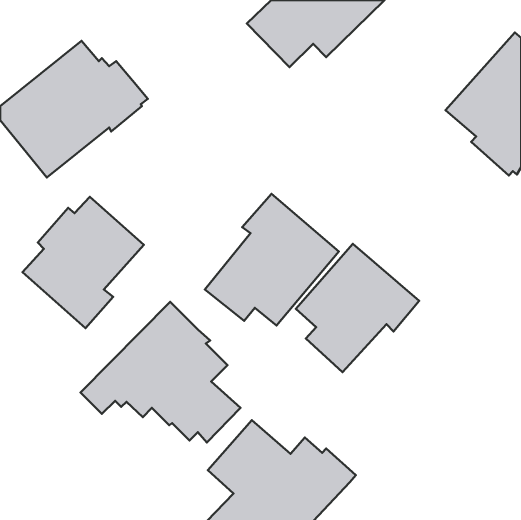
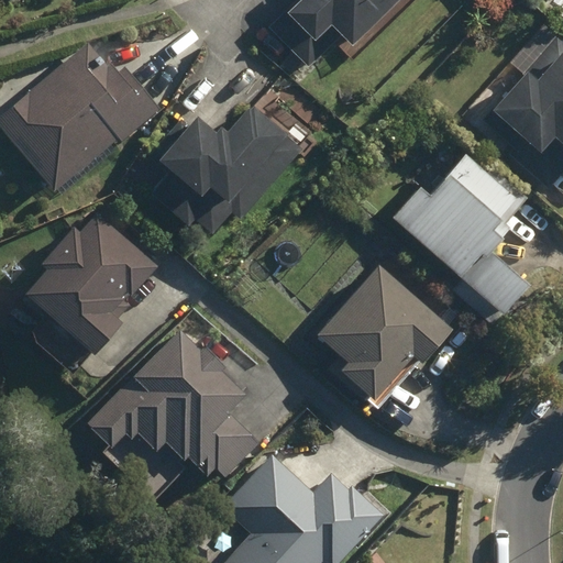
building: none -> [147,106,299,233]
building: none -> [394,152,534,310]
building: [205,194,339,325] -> none

